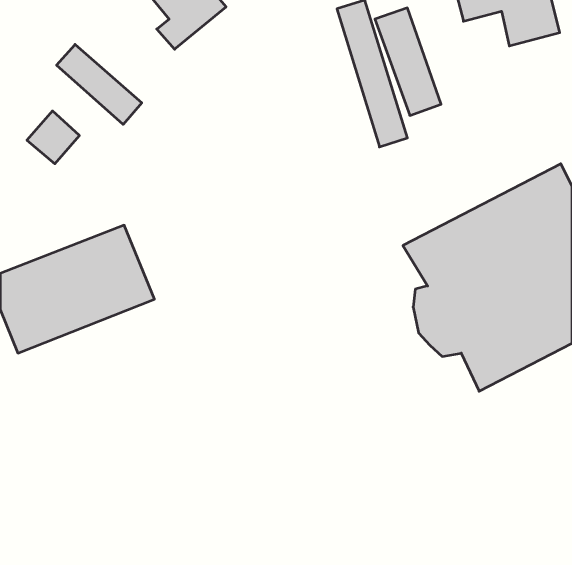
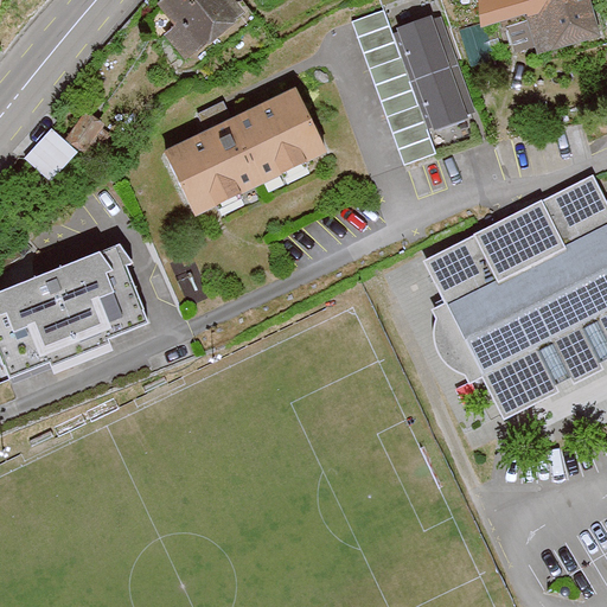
building: [57,44,142,124] -> none
building: none -> [161,88,325,215]

